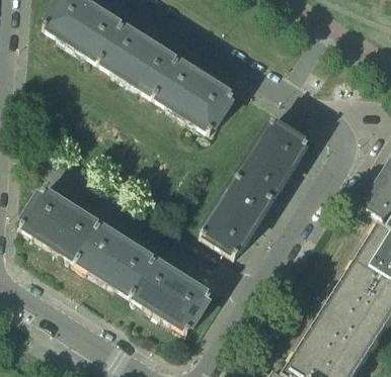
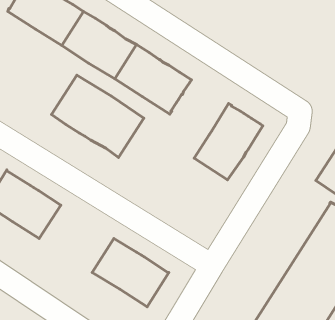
building: none -> [51,75,144,157]
building: [201,177,270,256] -> none
building: [76,225,153,295] -> none

